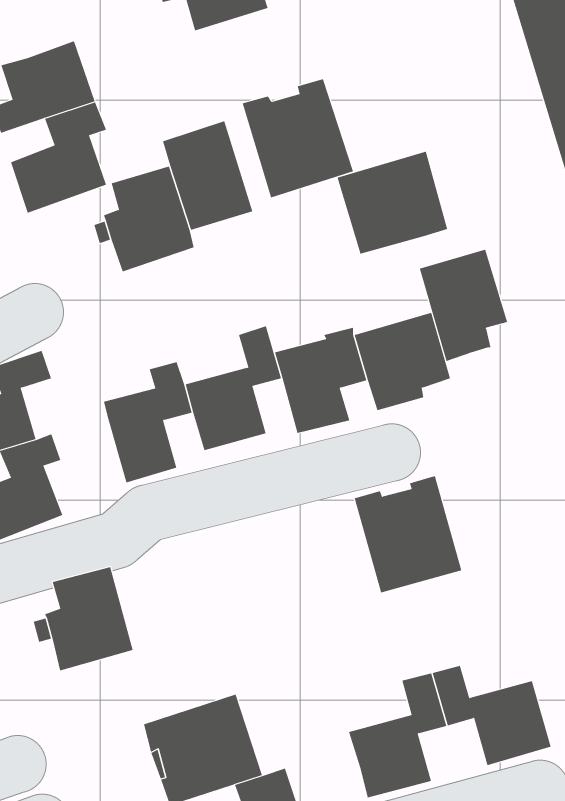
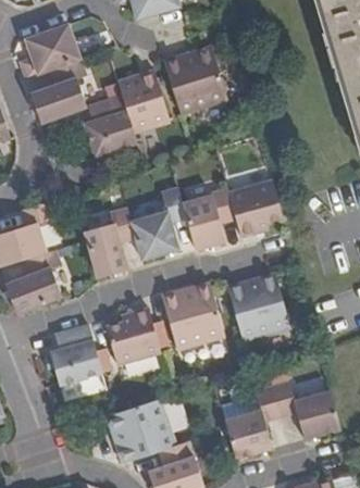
building: [337,151,448,254] -> none
building: [419,249,508,362] -> none
building: none -> [161,281,224,350]
building: none -> [105,308,160,365]

